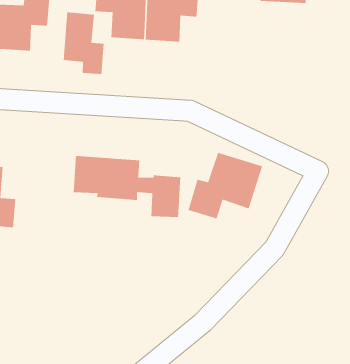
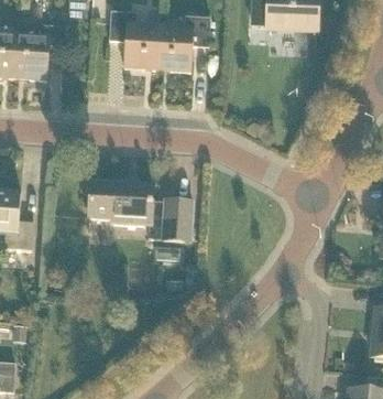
building: [63,12,105,75] -> none
building: [188,152,263,220] -> none

